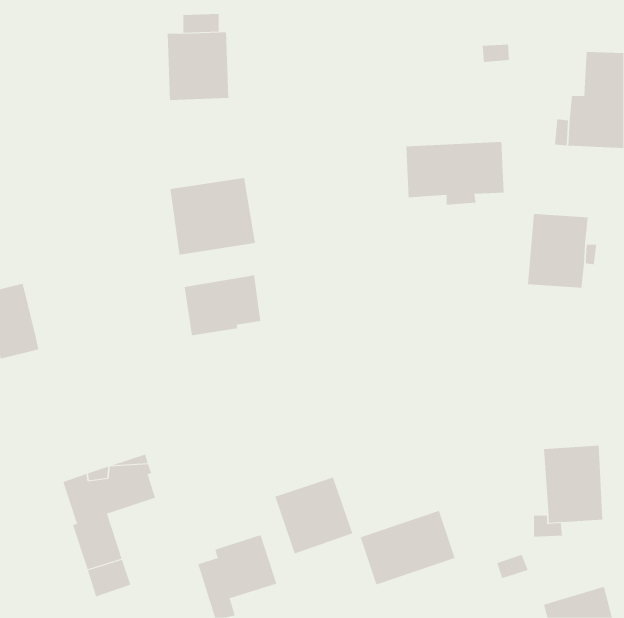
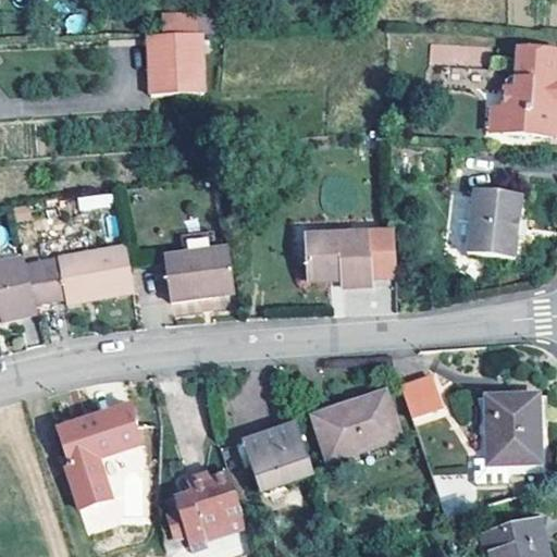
building: [405,141,505,205] -> [306,227,394,284]
building: [170,177,256,255] -> none
building: none -> [23,244,132,300]
building: none -> [404,380,441,421]
building: [360,510,456,585] -> [315,394,400,460]

